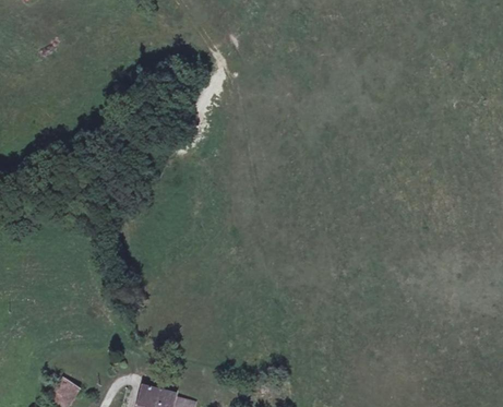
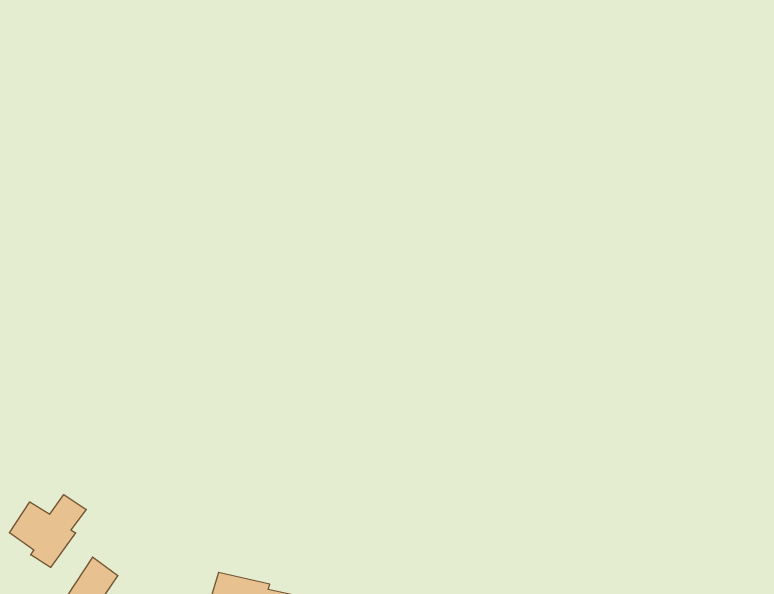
building: none -> [9,495,86,567]

